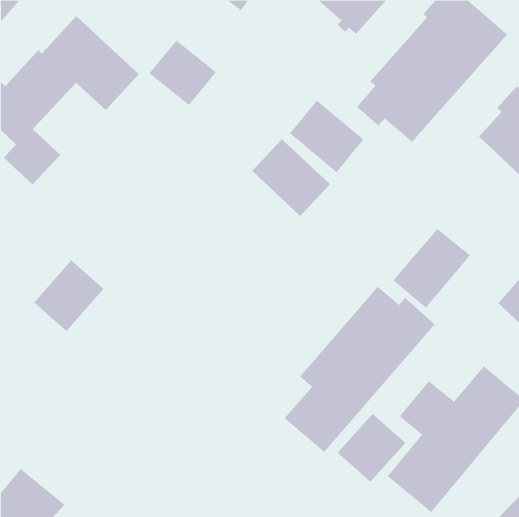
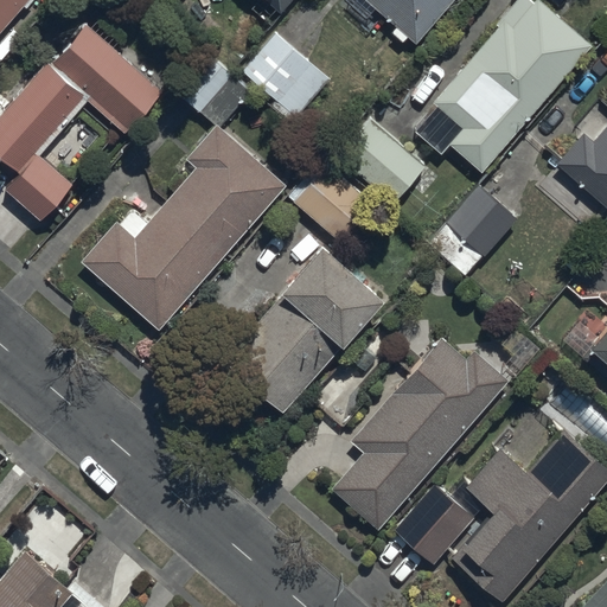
building: none -> [241,32,328,123]
building: none -> [83,126,286,330]
building: none -> [223,243,388,415]
building: [393,228,471,308] -> [426,185,517,279]
building: [34,259,104,332] -> none

